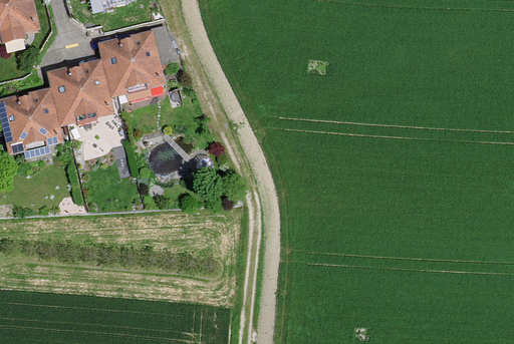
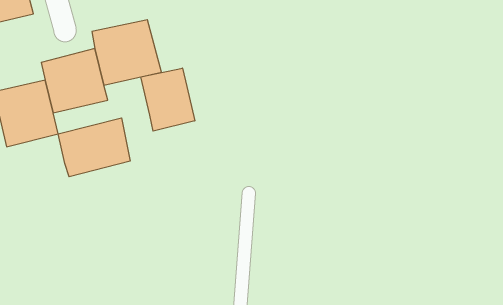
building: none -> [141,68,195,131]
building: none -> [58,118,130,177]

